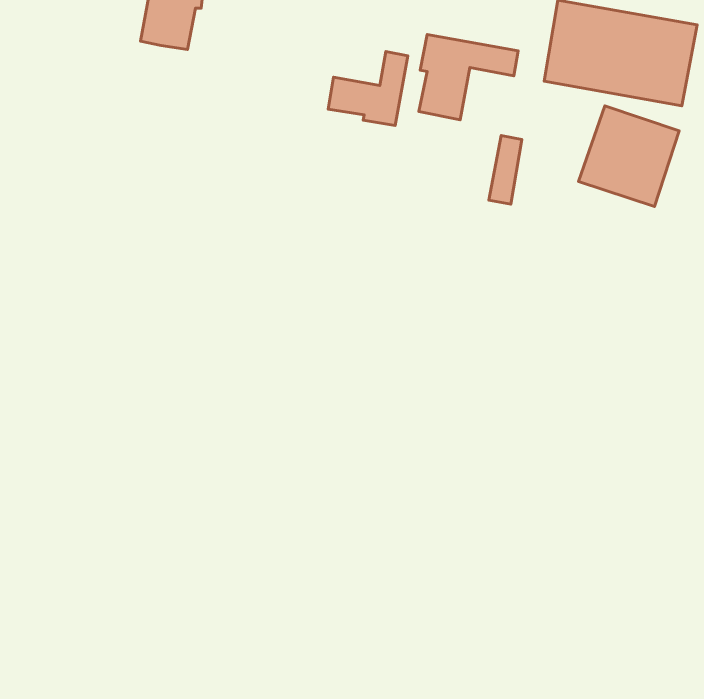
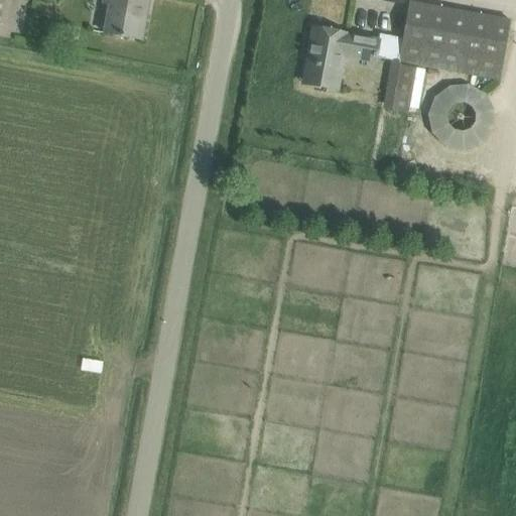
building: [328,51,408,126] -> none
building: [489,136,522,204] -> [389,60,413,111]

